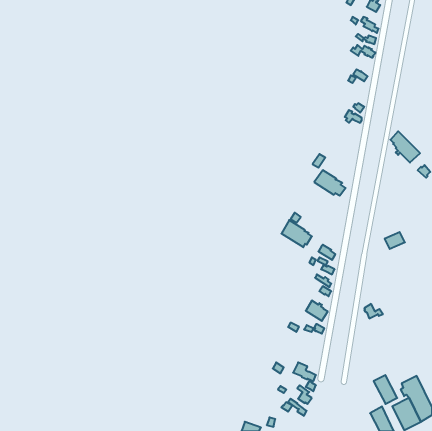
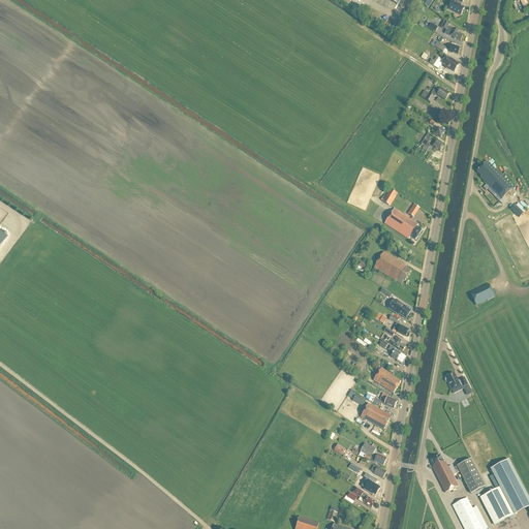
building: [281,220,312,247] -> [373,250,410,283]
building: none -> [360,402,391,429]
building: none -> [431,455,458,492]

